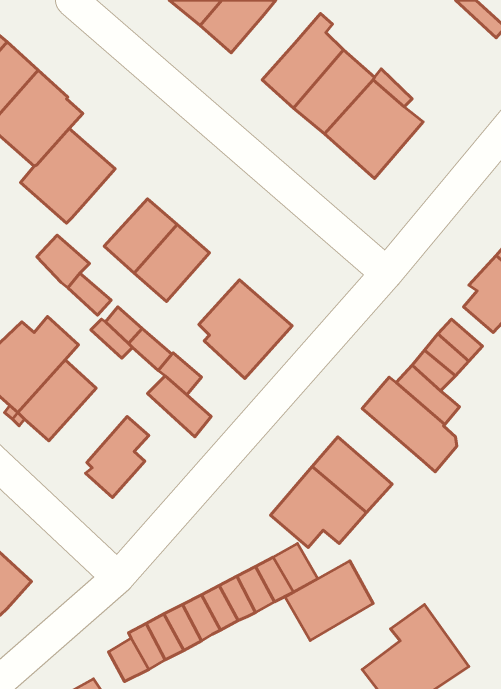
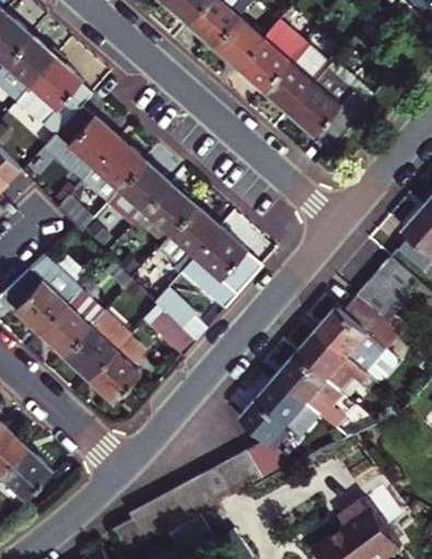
building: none -> [212,12,263,64]
building: none -> [83,136,144,199]
building: none -> [152,204,218,273]
building: none -> [64,313,128,374]
building: none -> [298,330,367,389]
building: [285,561,373,640] -> none

